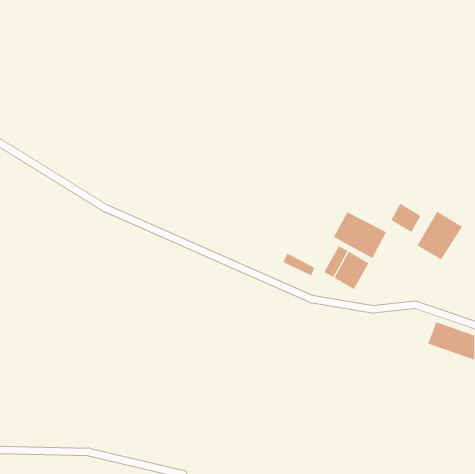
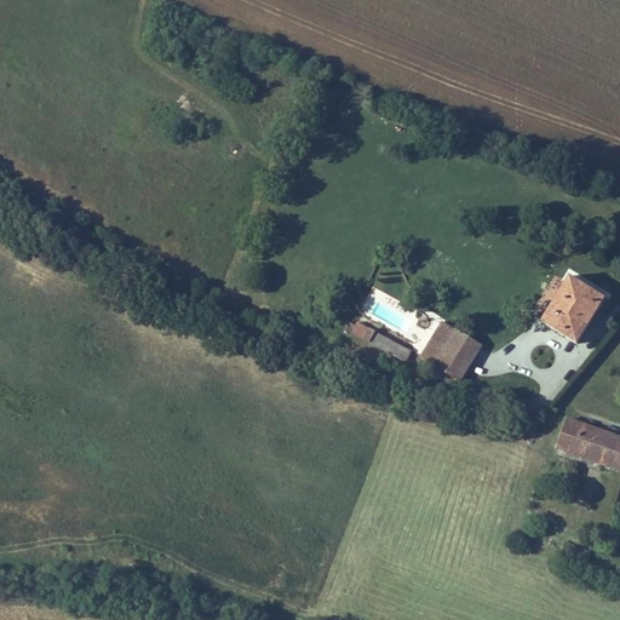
building: [390,203,421,233] -> none
building: [333,212,387,259] -> none

